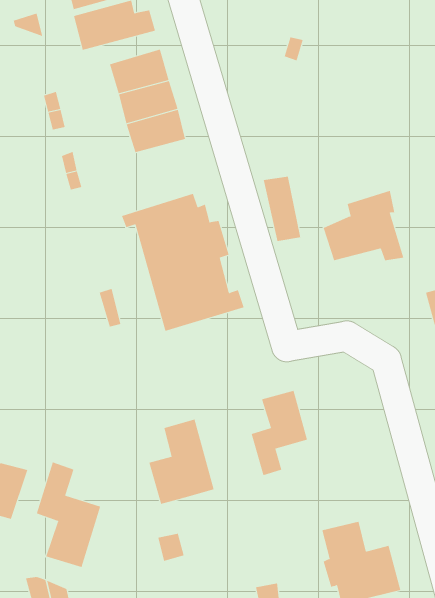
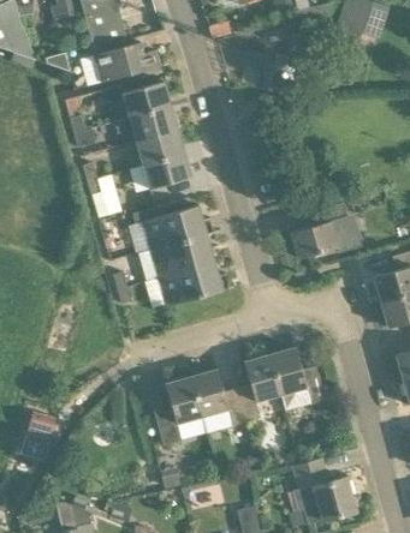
building: none -> [142,154,190,190]
building: [263,176,301,242] -> none
building: none -> [269,347,325,412]
building: none -> [190,370,244,433]
building: [36,462,101,568] -> none

